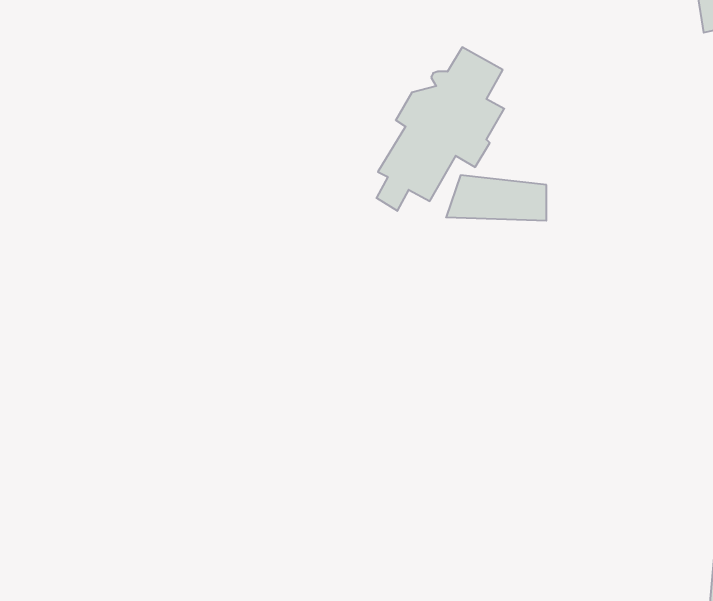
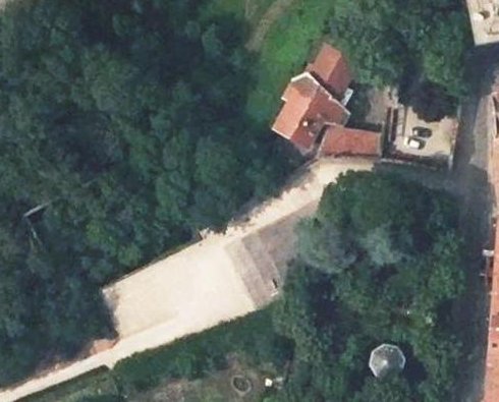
building: none -> [372,342,405,376]

